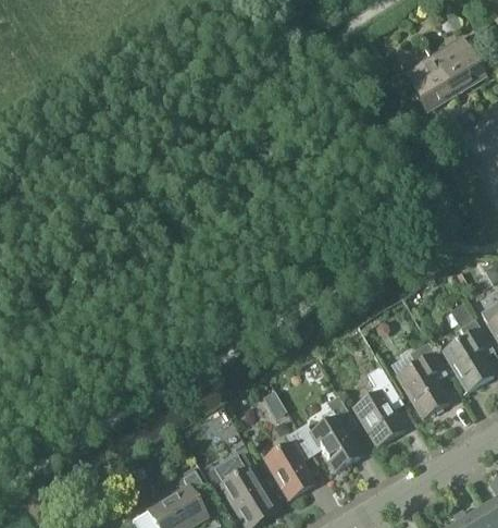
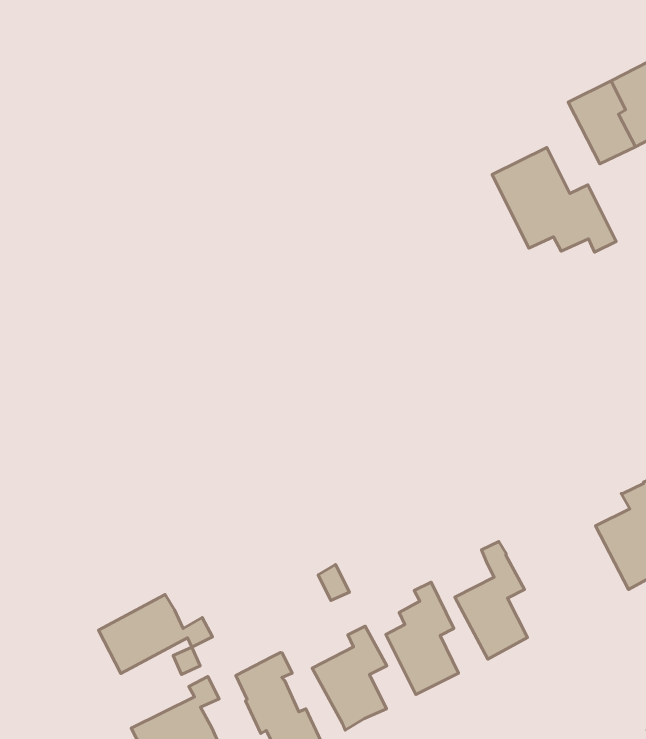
building: none -> [492,148,616,252]
building: [398,341,450,417] -> none
building: none -> [99,595,212,674]

